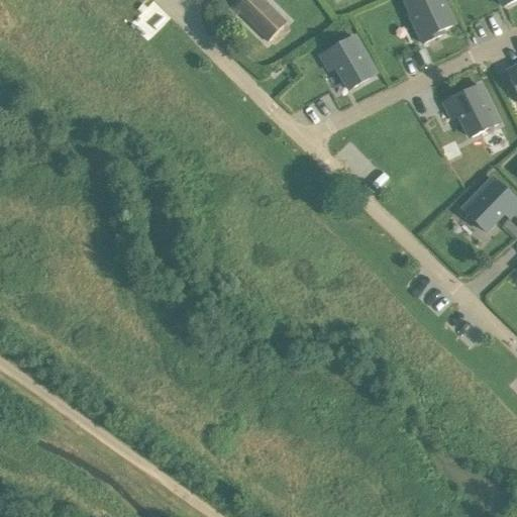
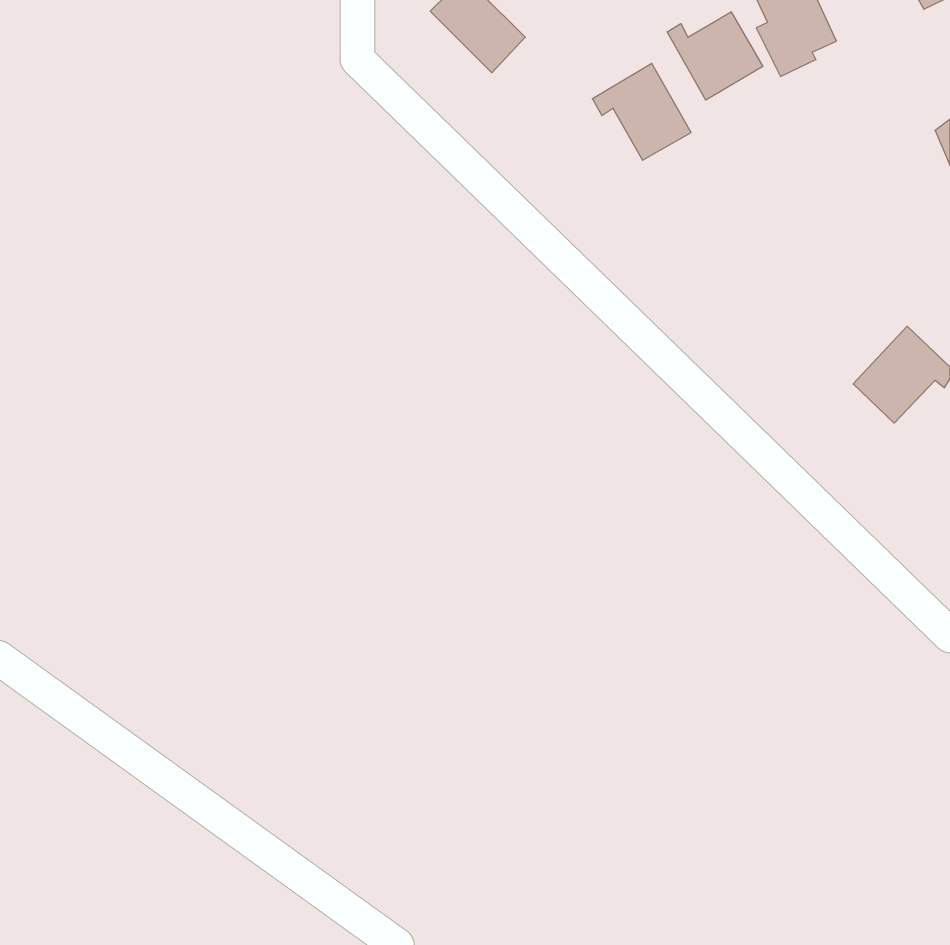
building: none -> [667,12,763,100]
building: [445,83,498,135] -> none

